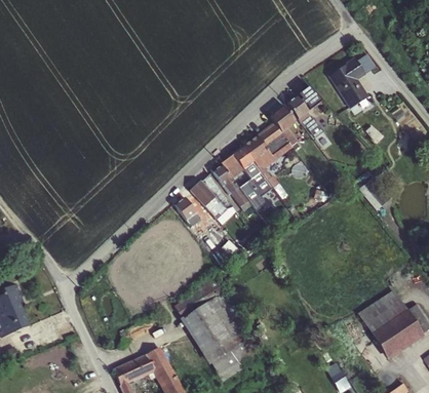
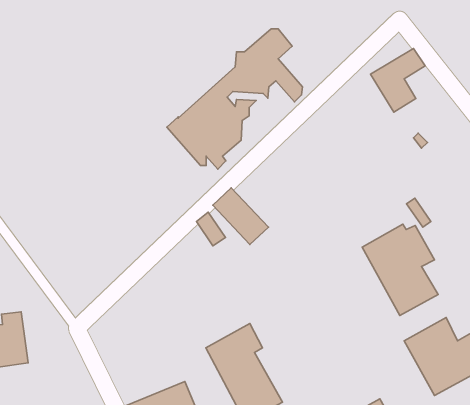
building: [212,85,333,209] -> [167,29,303,169]
building: none -> [362,224,438,315]

